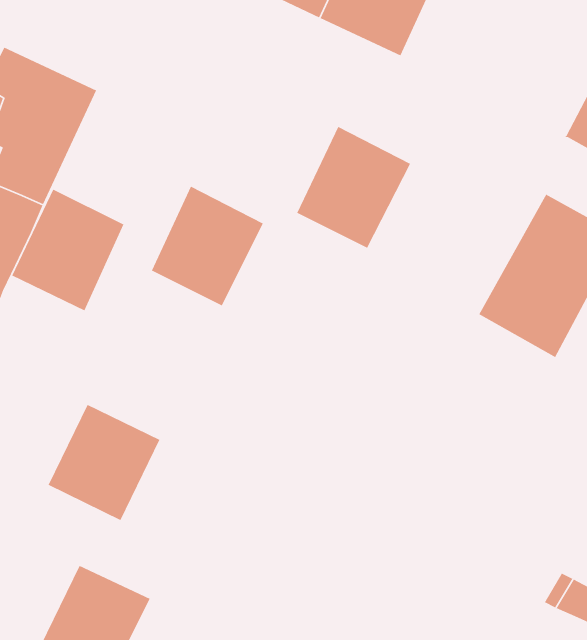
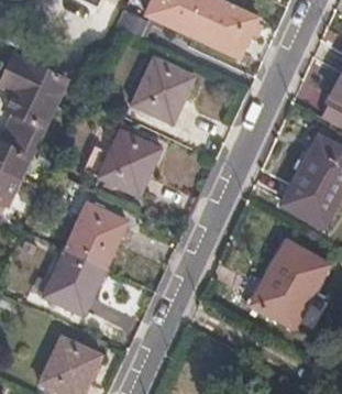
building: [296,126,411,249] -> [131,56,195,124]
building: [11,188,124,312] -> [62,203,124,271]
building: none -> [256,242,328,326]

